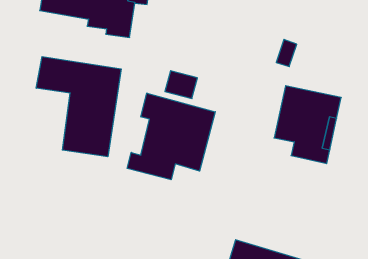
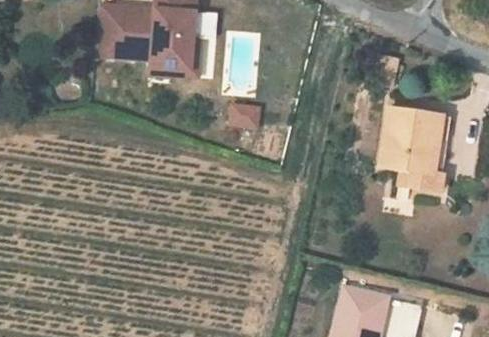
building: [36,57,121,157] -> none
building: [127,93,215,180] -> none

